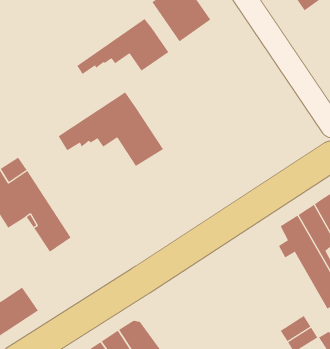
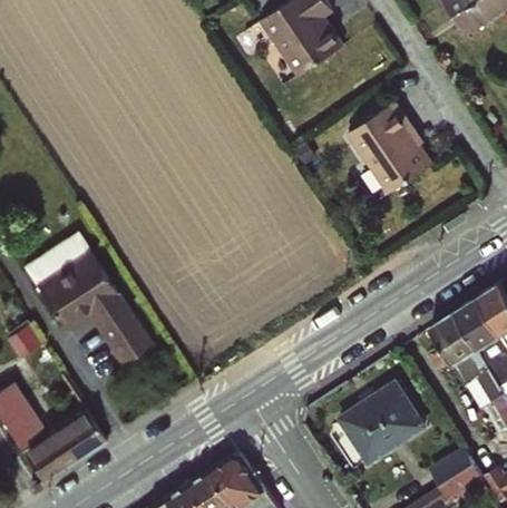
building: [77,18,169,75] -> none
building: none -> [344,101,429,196]
building: [58,92,164,167] -> none
building: none -> [343,381,430,461]

